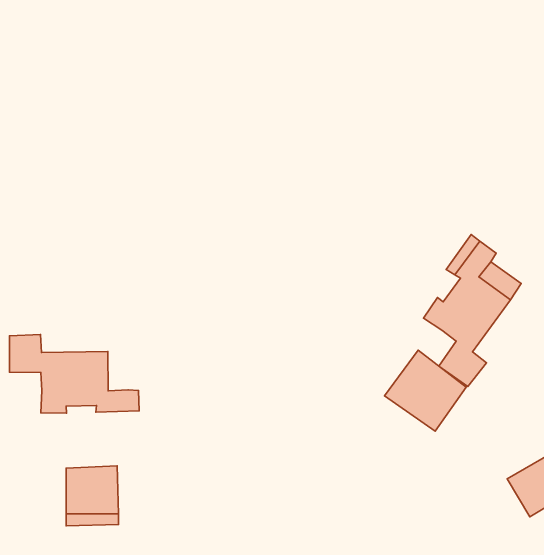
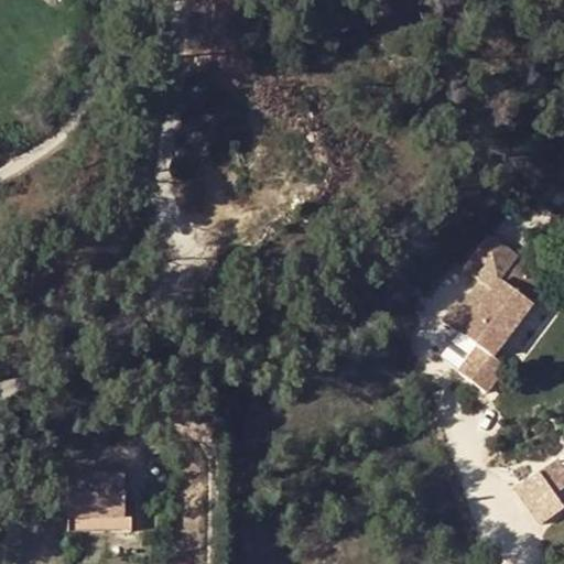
building: [10,334,139,413] -> none
building: [385,350,466,431] -> none

